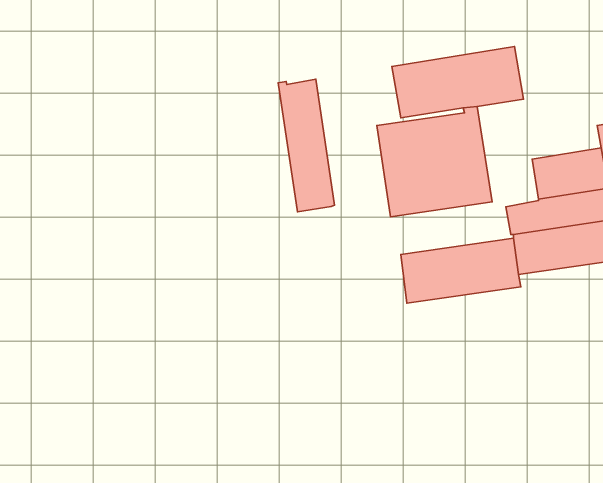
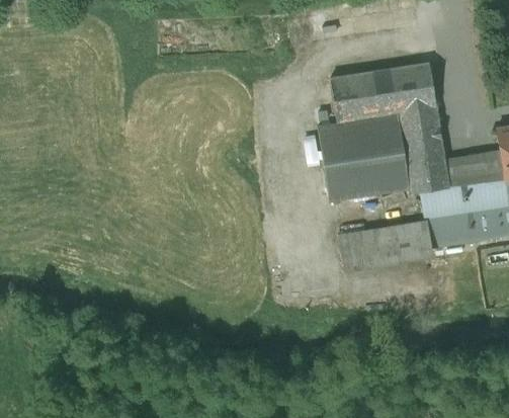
building: [278,79,334,212] -> none
building: none -> [399,106,448,194]

